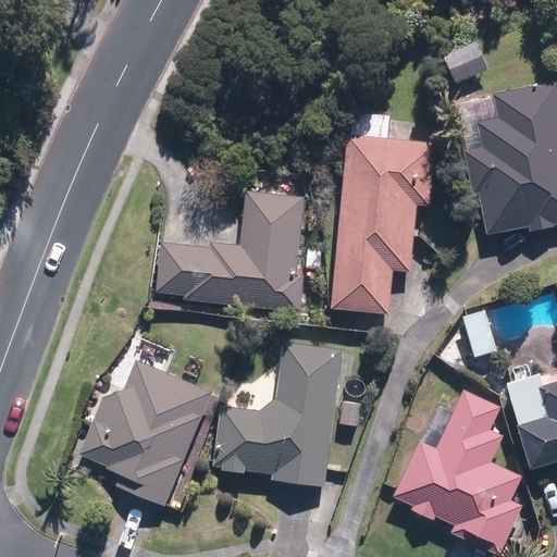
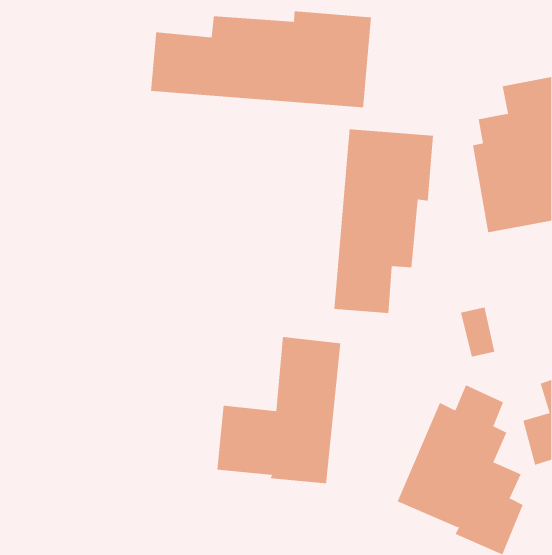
building: none -> [151,10,371,108]
building: [153,188,308,313] -> none
building: [81,363,210,506] -> none

